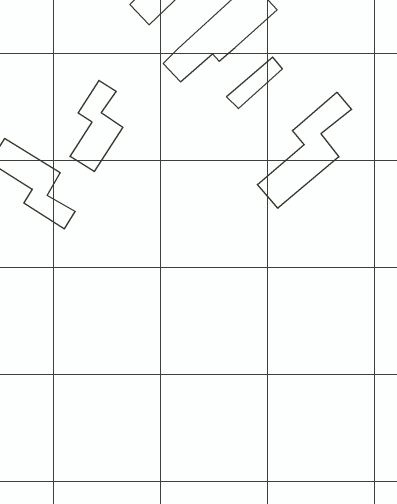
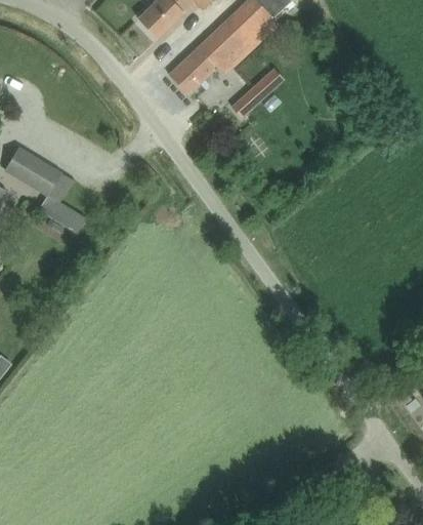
building: [70,80,123,172] -> none
building: [257,92,352,208] -> none

